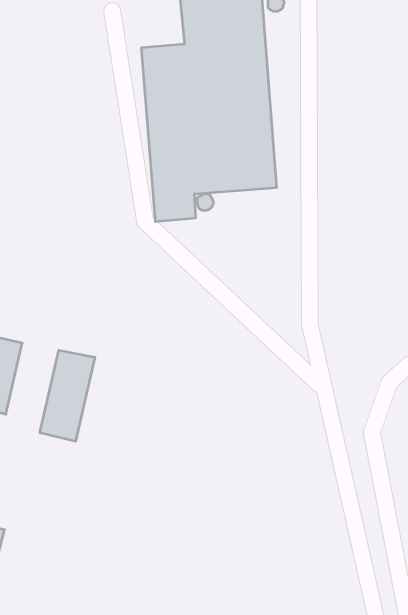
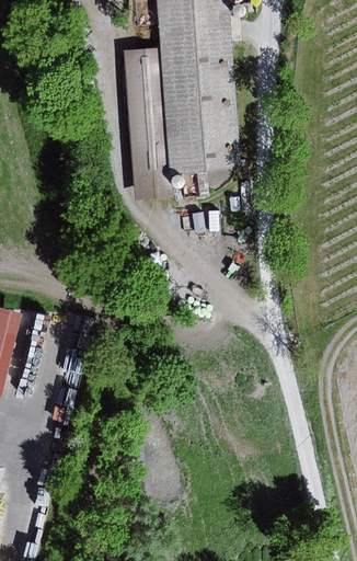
building: [40,350,95,441] -> none

